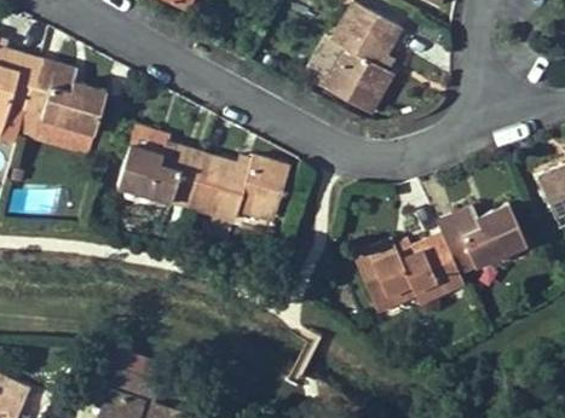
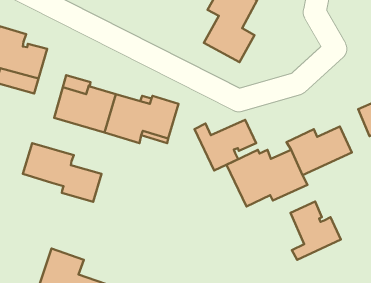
building: none -> [195,120,256,170]
building: none -> [23,143,101,202]
building: none -> [290,201,341,260]

